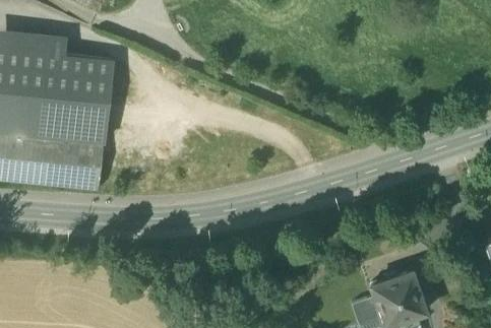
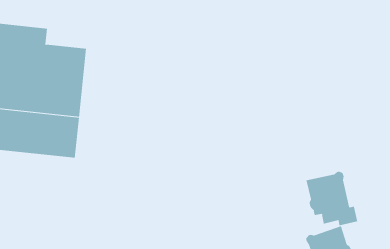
building: none -> [306,171,358,226]

